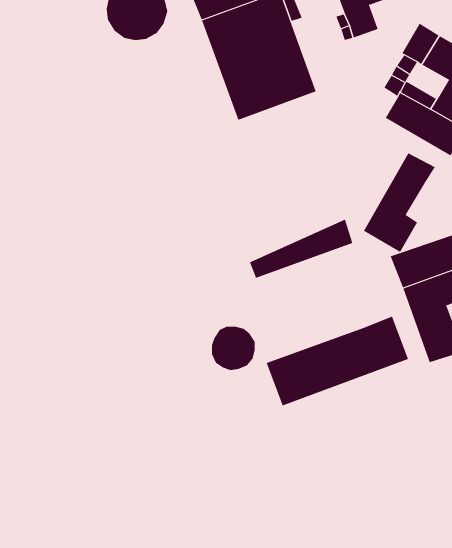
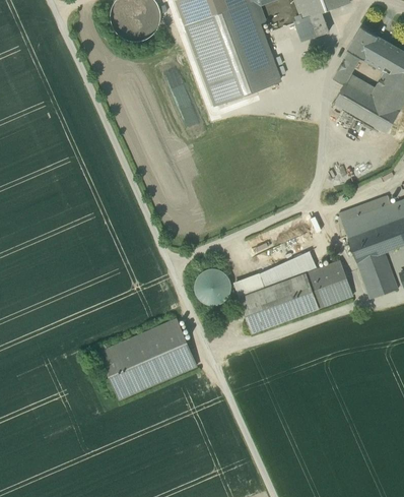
building: [363,153,435,253] -> none
building: [249,219,353,279] -> [233,251,317,299]
building: none -> [99,319,197,399]

